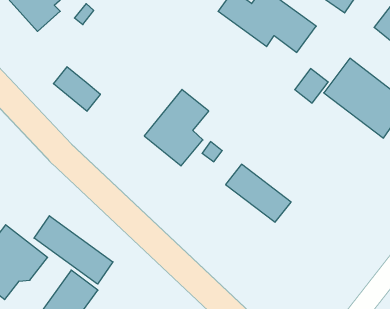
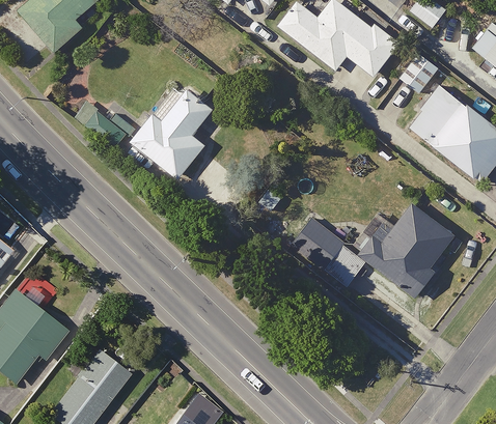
building: [295,69,328,103] -> [399,52,441,94]
building: [144,89,209,166] -> [132,85,212,179]
building: none -> [351,202,456,298]
building: [34,216,113,284] -> none

